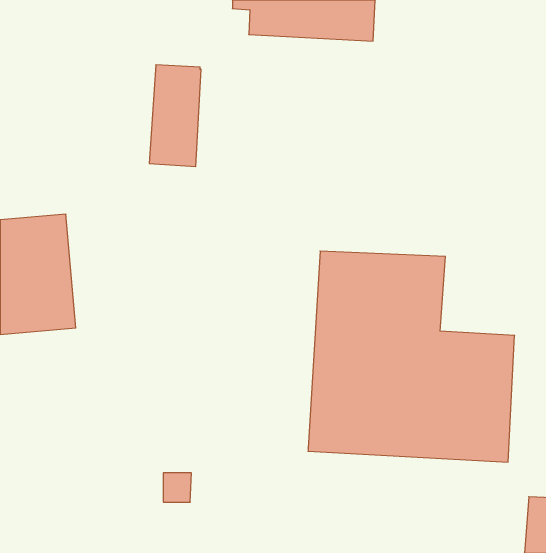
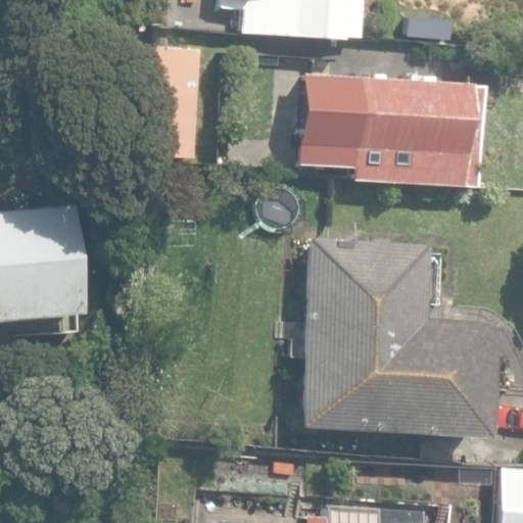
building: none -> [329,76,481,186]

